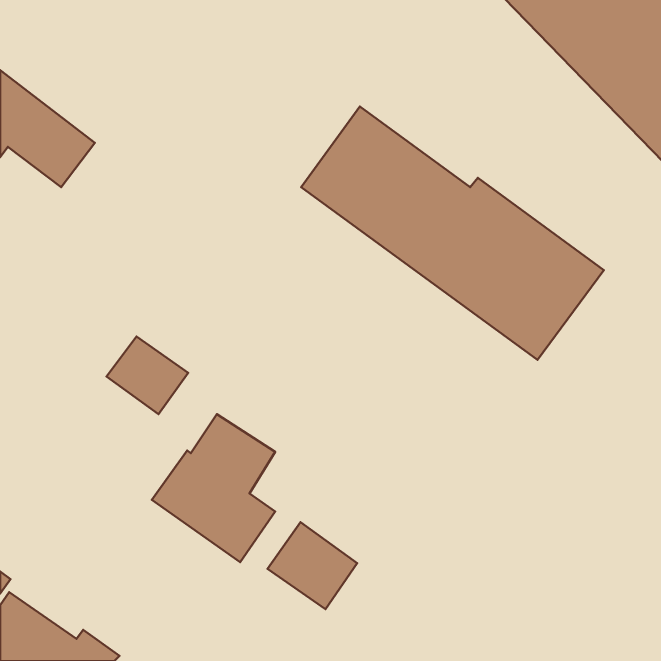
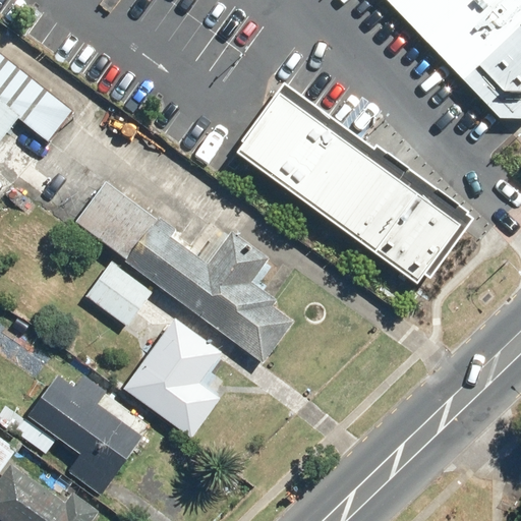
building: none -> [68,181,284,360]
building: none -> [28,380,141,499]
building: [268,522,357,609] -> none

